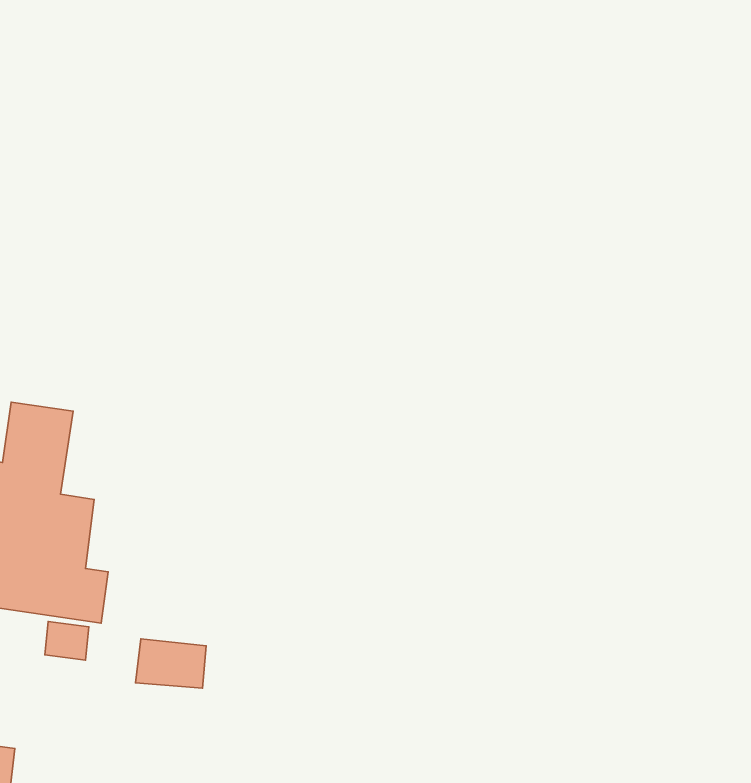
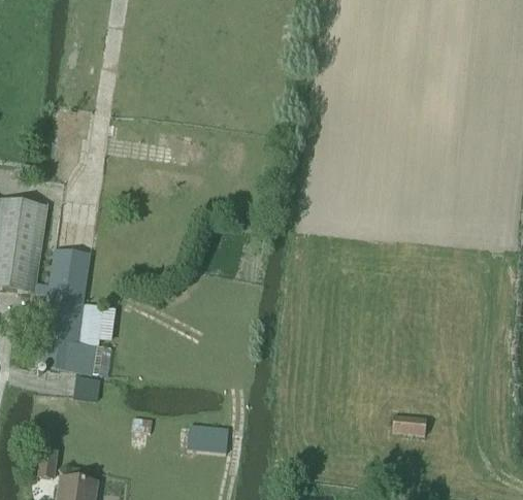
building: [136,639,206,688] -> [186,424,227,453]
building: none -> [390,415,425,435]

